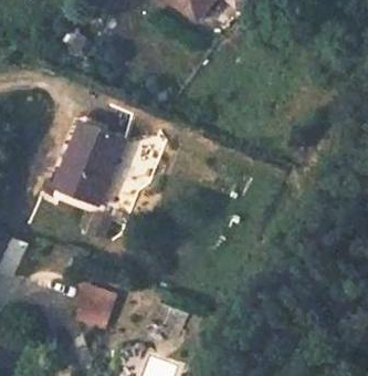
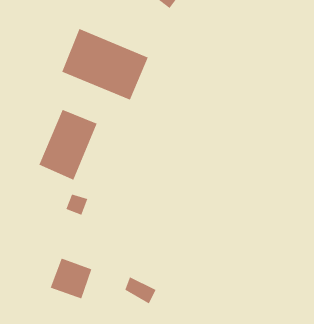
building: none -> [62,28,149,100]

